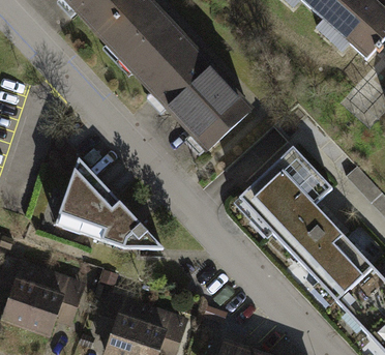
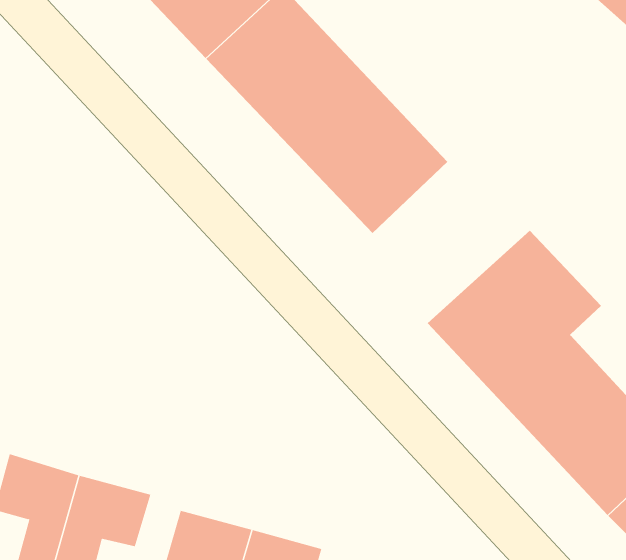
building: [56,158,161,246] -> none

